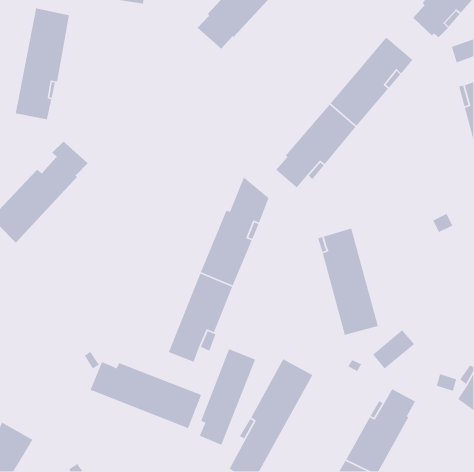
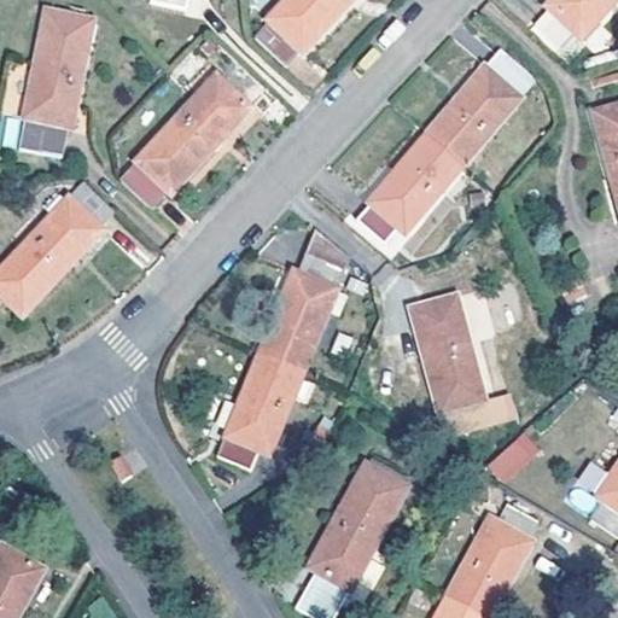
building: none -> [119,80,247,208]
building: [199,348,256,446] -> none
building: [89,361,202,429] -> none

